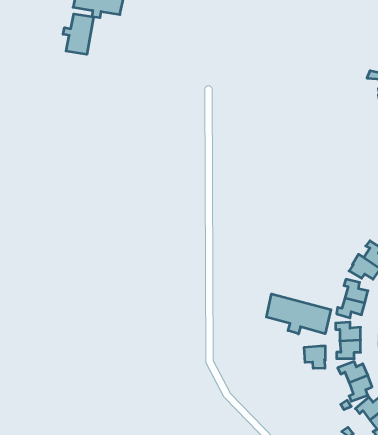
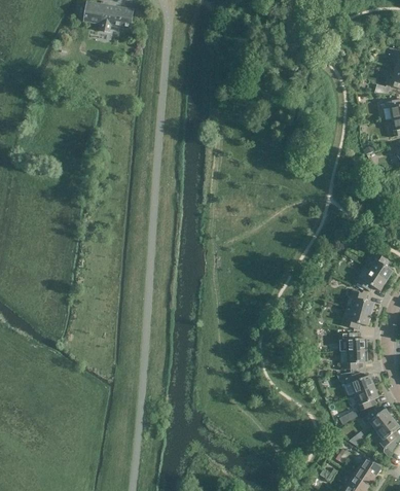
building: [63,14,93,54] -> none
building: [266,294,331,334] -> none
building: [304,346,325,368] -> none

